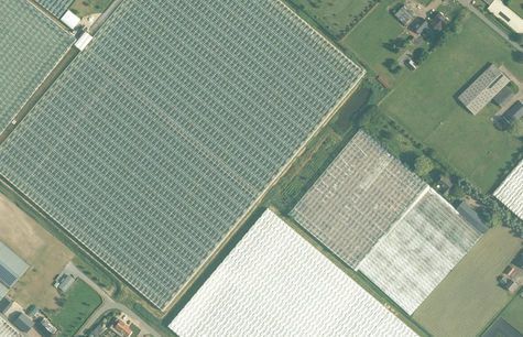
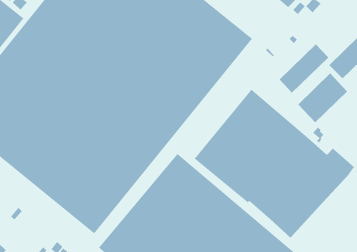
building: none -> [279,43,329,94]
building: none -> [297,73,348,123]

